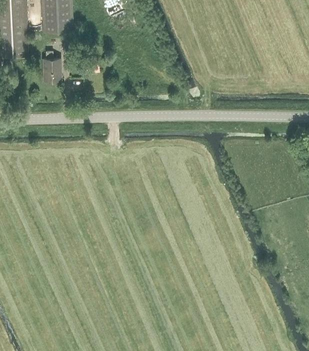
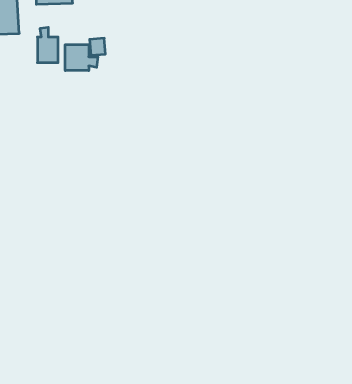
building: none -> [65,45,98,71]

